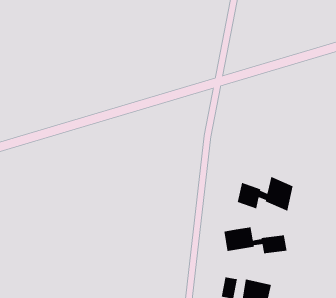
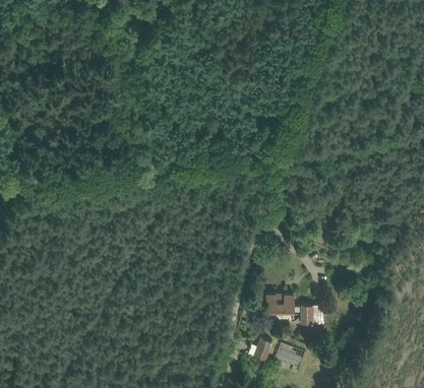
building: [237,176,294,212] -> none

